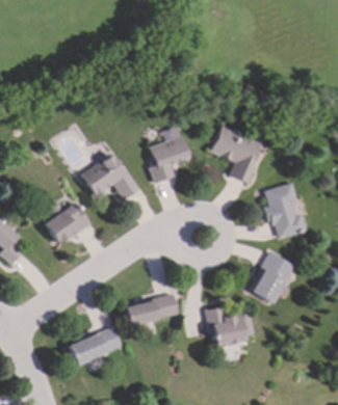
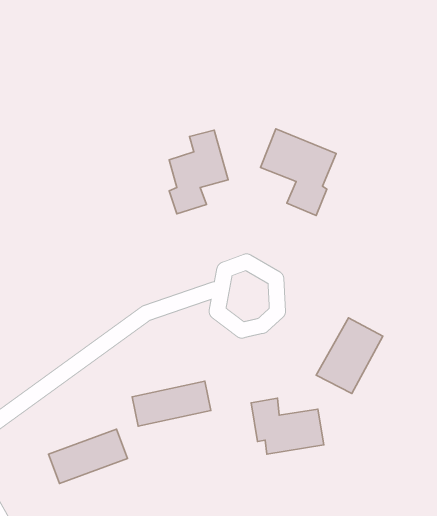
building: [81,153,138,199] -> none
building: [264,183,306,239] -> none
building: [45,201,90,244] -> none

